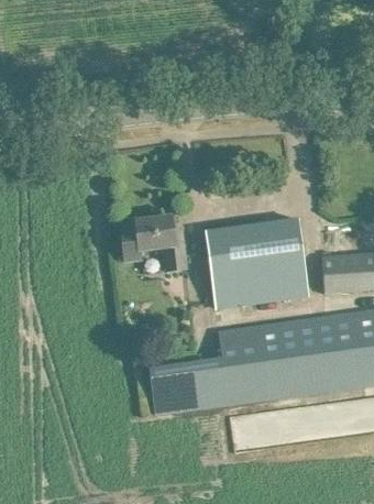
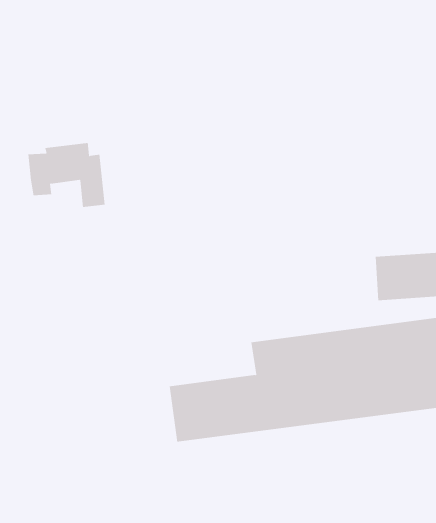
building: [120,217,186,272] -> [28,143,105,207]
building: [202,219,307,310] -> none

